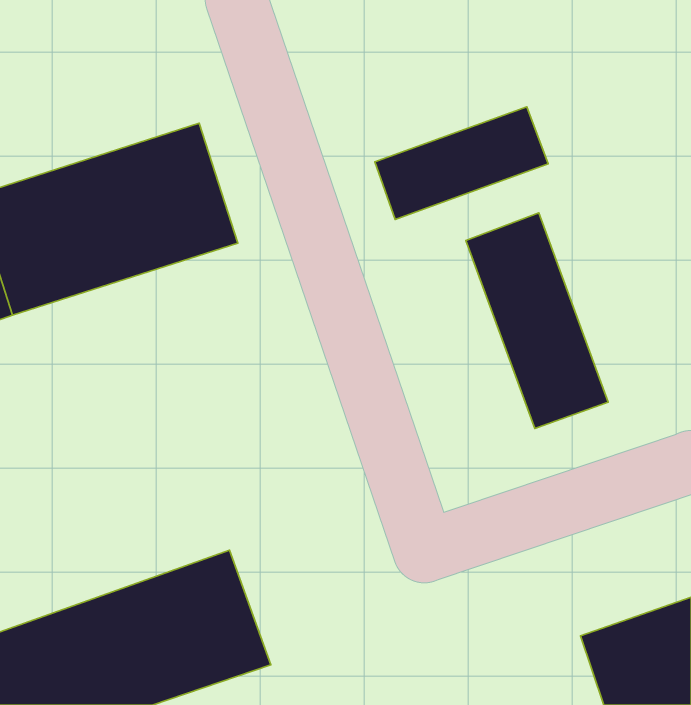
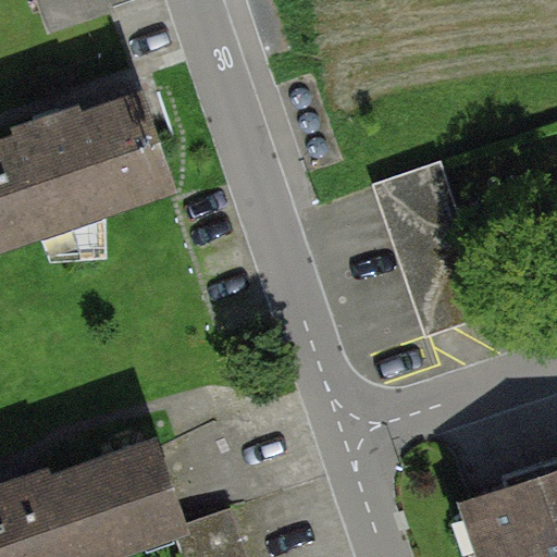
building: [375,107,548,220] -> none

